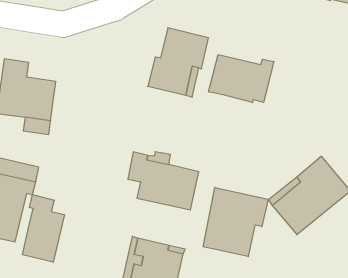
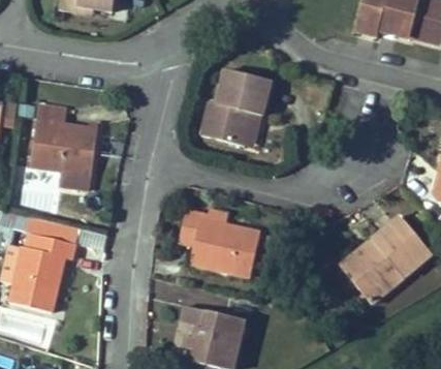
building: [209,55,274,103] -> none
building: [203,187,268,257] -> none
building: [23,195,64,262] -> none

